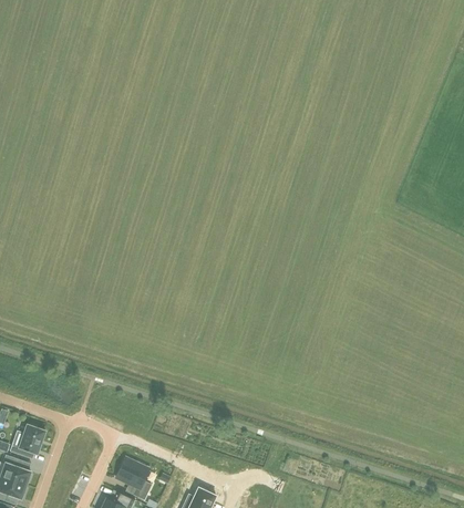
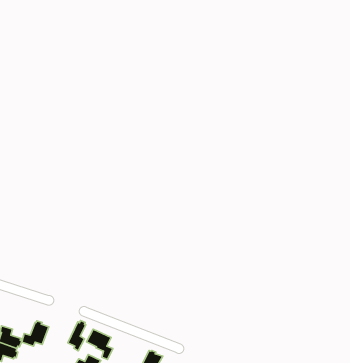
building: [8,423,43,456] -> [22,321,49,346]
building: none -> [68,321,86,351]

